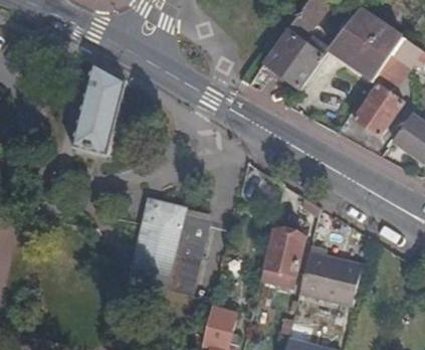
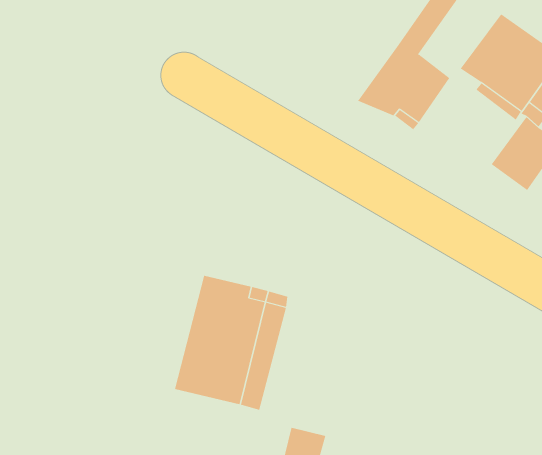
building: [73,61,125,154] -> none
building: [266,227,304,273] -> none
building: [298,245,362,304] -> none

